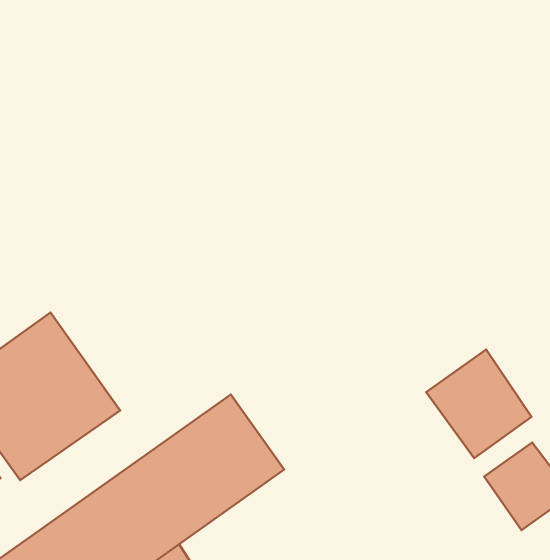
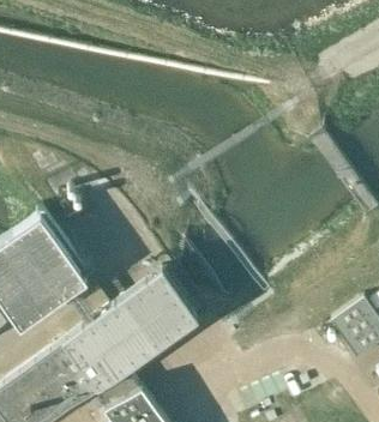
building: [426,349,531,458] -> none

